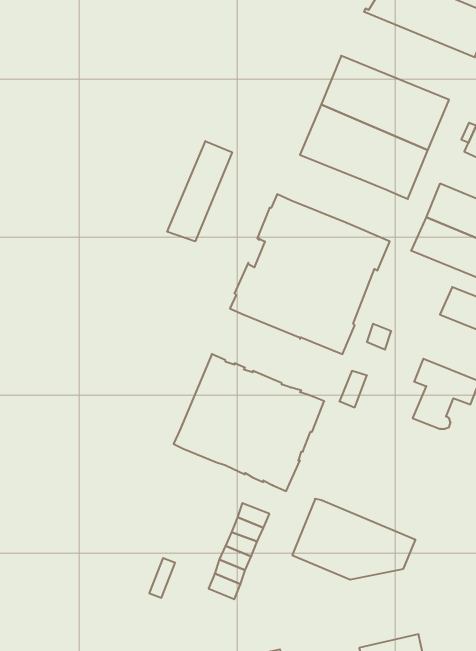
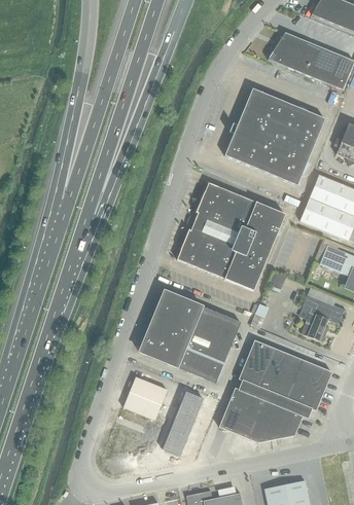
building: [167,141,232,241] -> none
building: none -> [239,339,331,419]
building: none -> [123,376,168,420]

